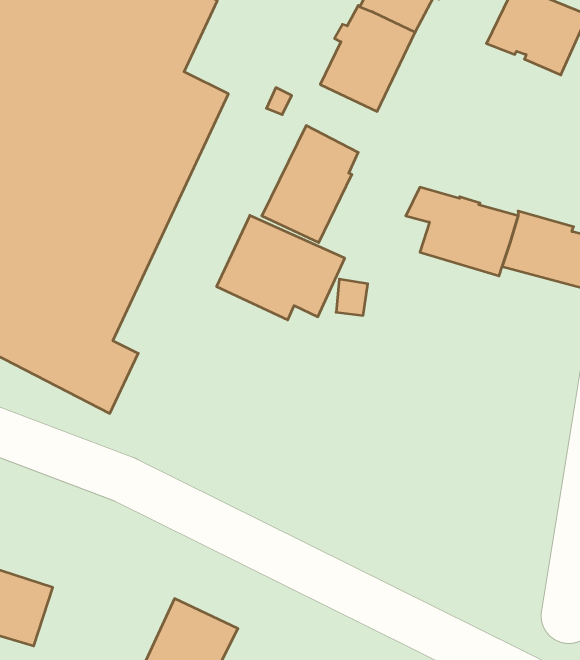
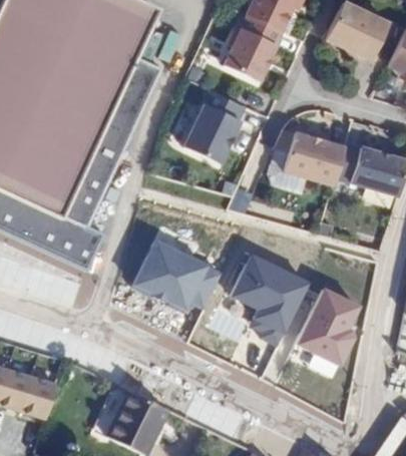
building: [217,215,345,320] -> [139,243,221,309]
building: none -> [236,258,308,345]
building: none -> [299,288,360,364]

